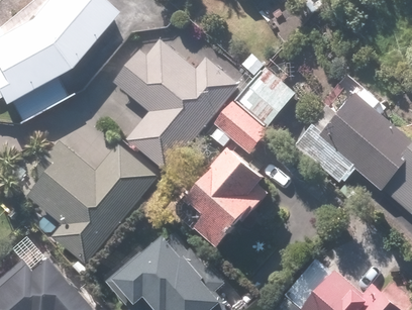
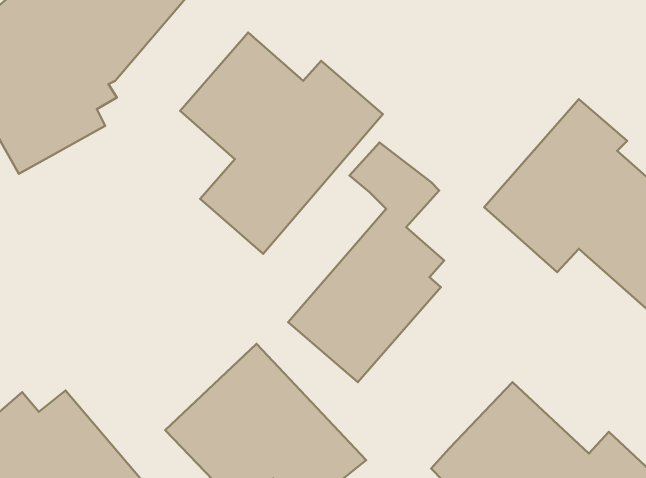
building: [235,67,297,128] -> none
building: [28,137,159,264] -> none

